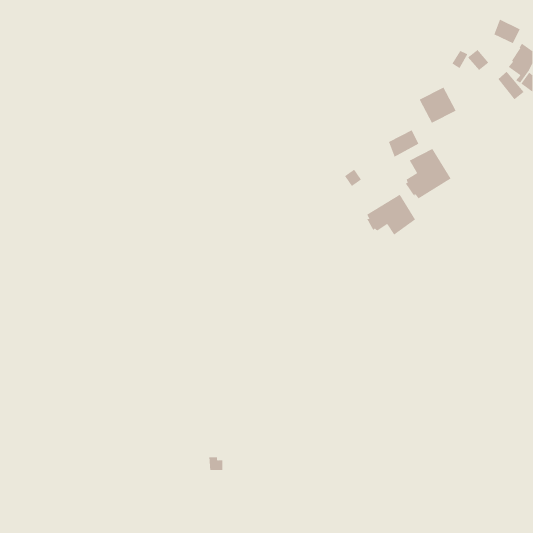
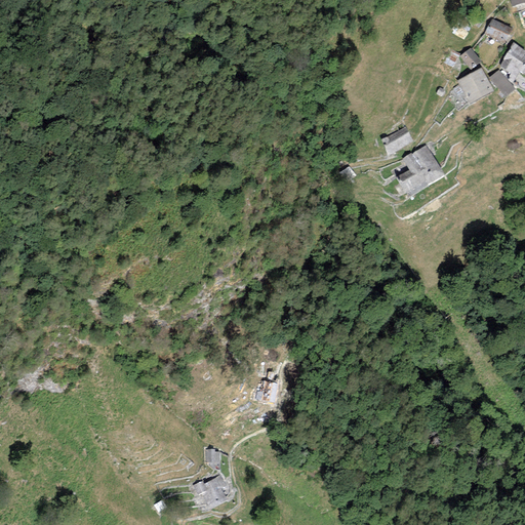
building: [419,87,456,123] -> [456,68,493,104]
building: [366,194,416,235] -> none
building: none -> [193,475,228,510]

